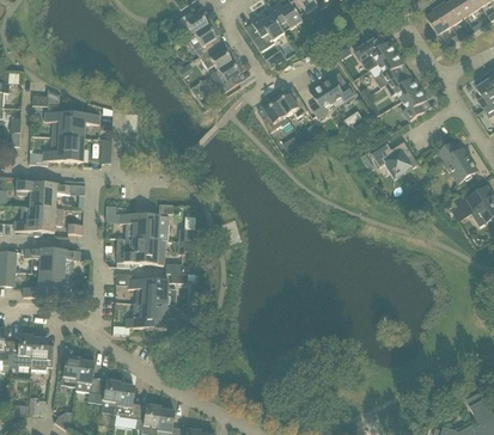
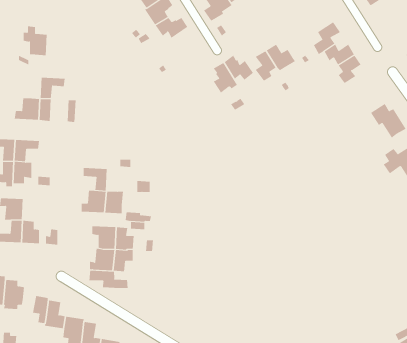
building: [353,36,396,68] -> none
building: [209,56,242,92] -> none
building: [43,103,71,136] -> [23,26,48,56]
building: [371,140,417,172] -> none
building: [144,214,167,240] -> none
building: [50,247,79,272] -> none
building: none -> [89,270,128,289]

